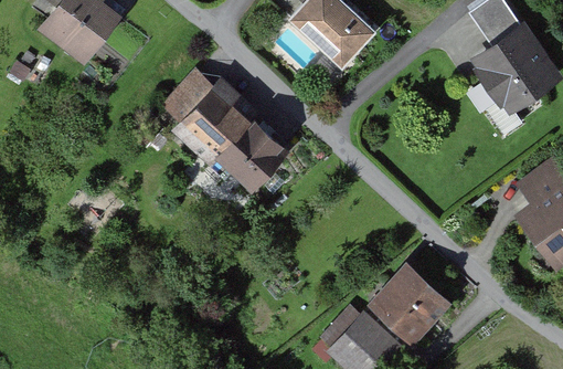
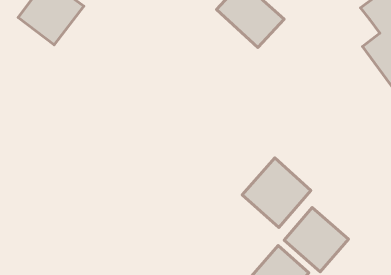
building: [162,71,288,191] -> none
building: none -> [242,158,311,227]

